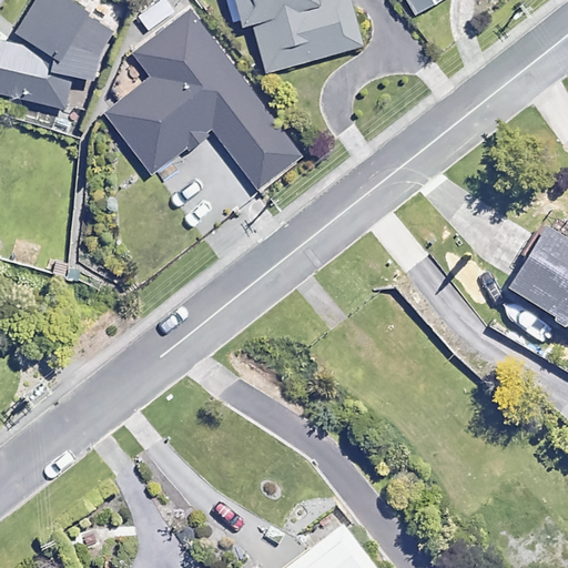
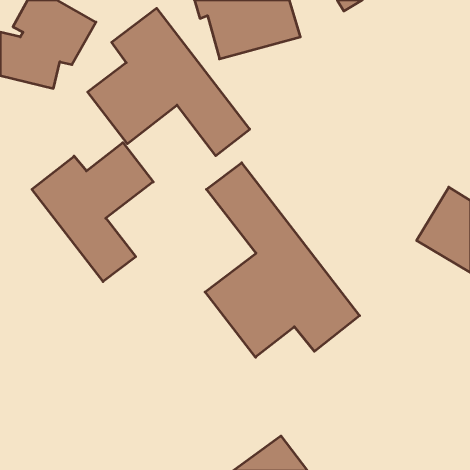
building: none -> [32,143,153,282]
building: none -> [205,163,360,357]

